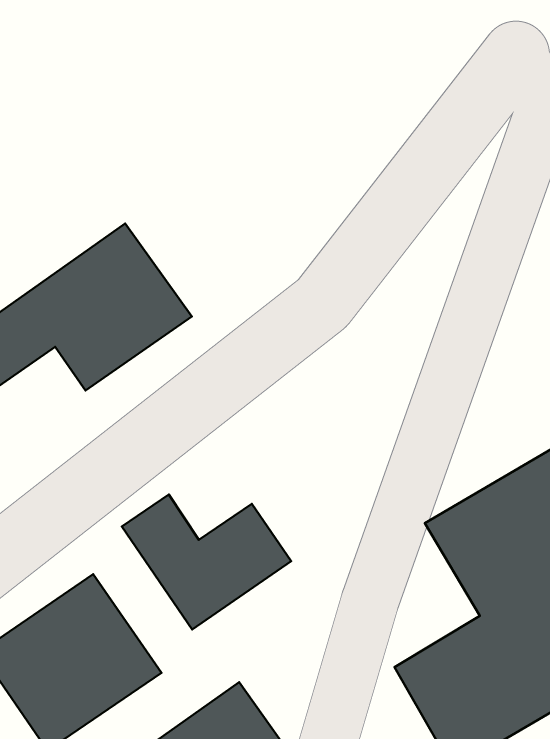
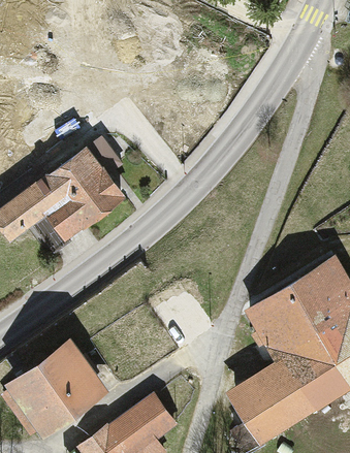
building: [122,494,291,630] -> none

